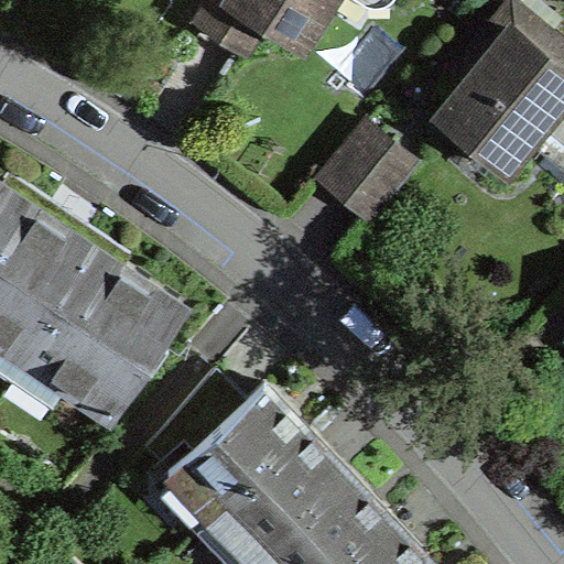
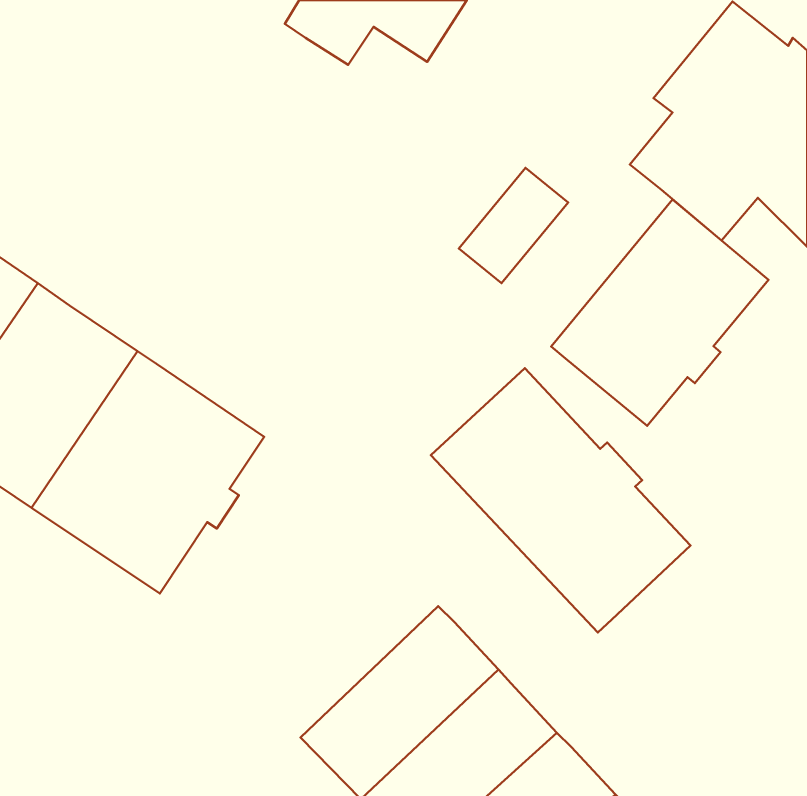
building: none -> [551,199,769,426]
building: none -> [431,368,690,632]
building: [167,387,305,522] -> none

